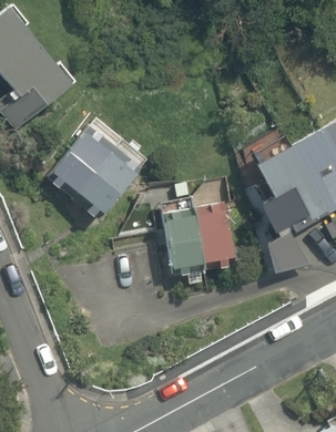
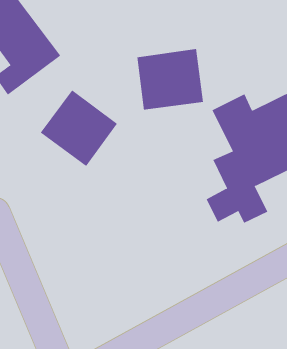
building: [162,200,238,270] -> [136,48,204,110]

